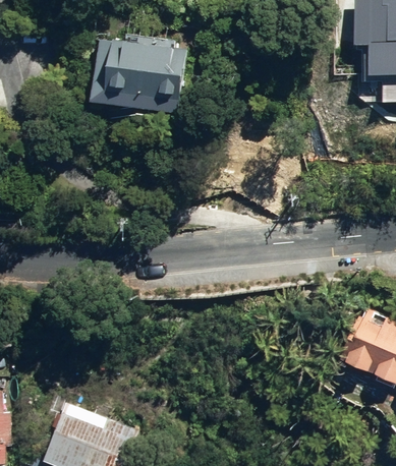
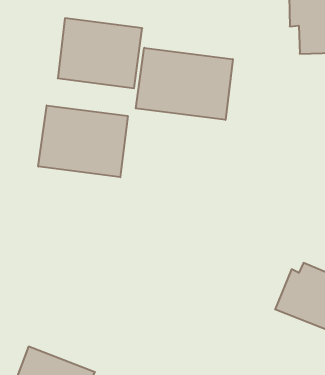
building: none -> [136,48,233,120]
building: none -> [38,105,128,177]

